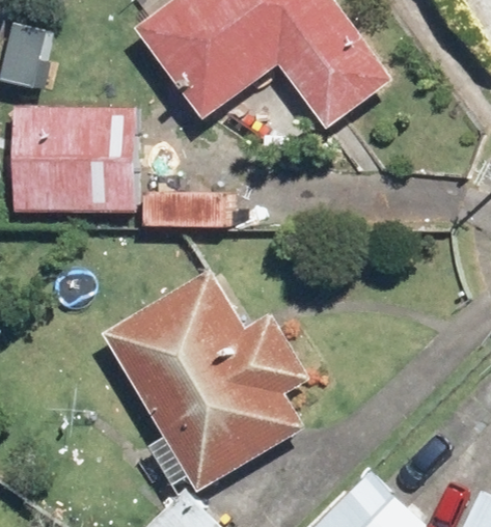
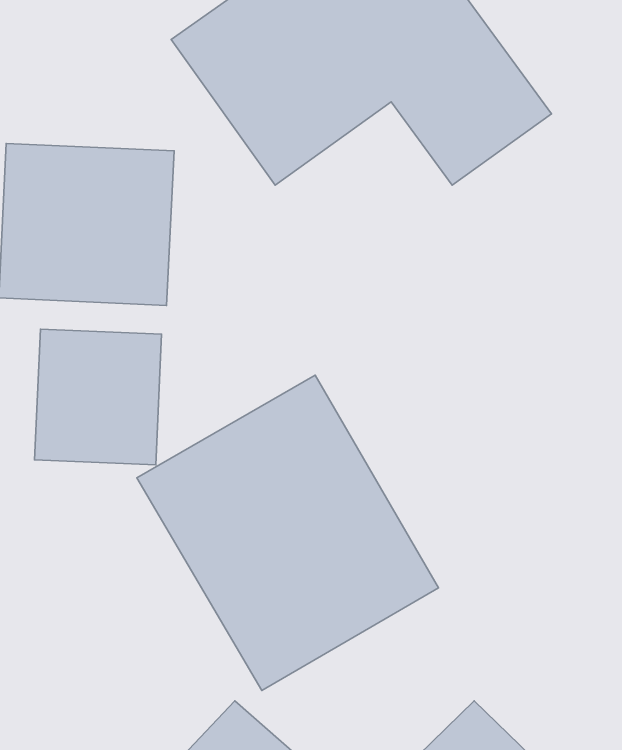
building: none -> [35,329,162,465]

